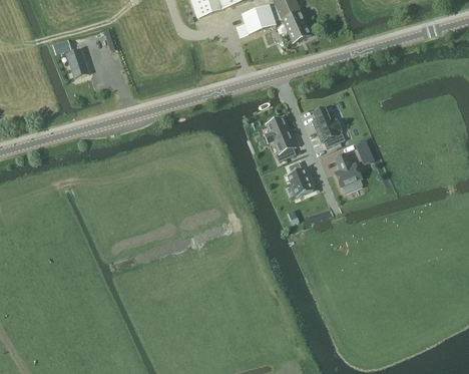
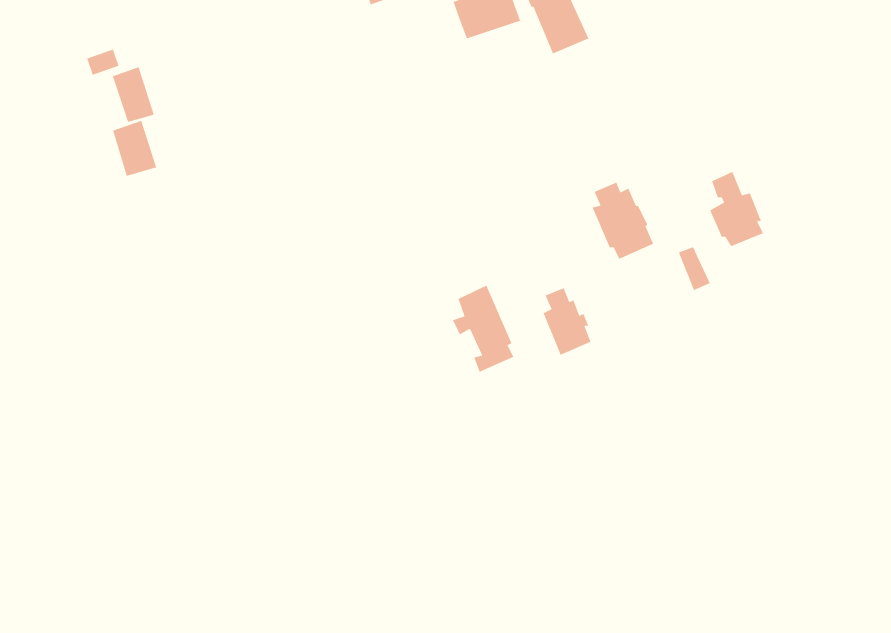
building: none -> [112,120,157,177]
building: [264,115,296,160] -> [452,285,514,373]
building: [334,151,362,191] -> [709,171,764,247]

